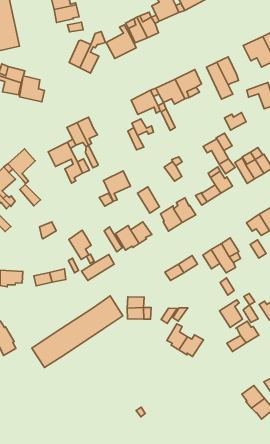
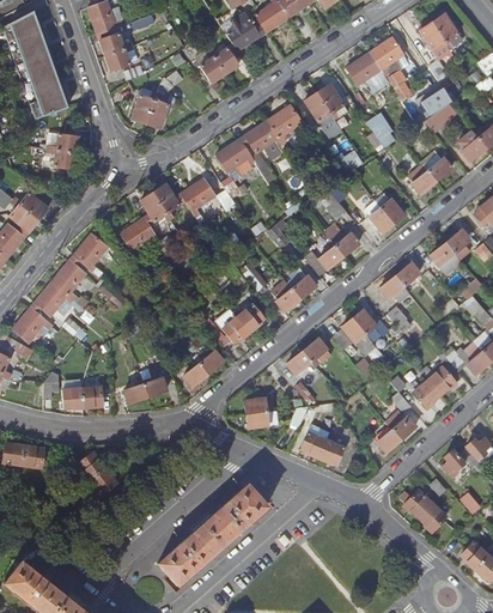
building: [106,25,136,59] -> none
building: [19,76,45,102] -> none
building: [103,171,130,201] -> [179,177,214,217]
building: [69,230,91,259] -> none
building: [32,296,123,367] -> [159,484,267,584]
building: [219,300,242,328] -> none

